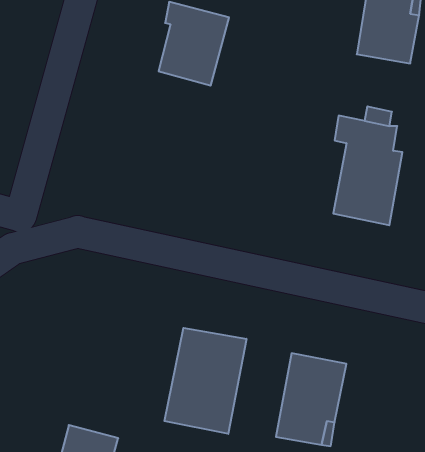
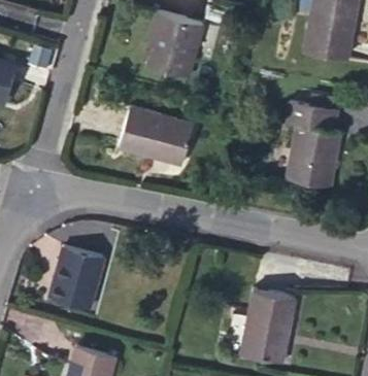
building: none -> [119,106,195,161]
building: none -> [49,246,104,310]
building: [164,328,246,434] -> none

